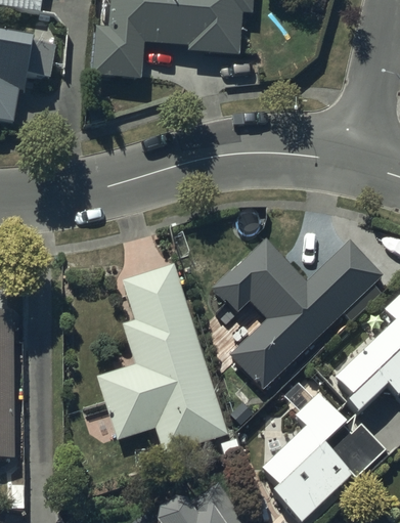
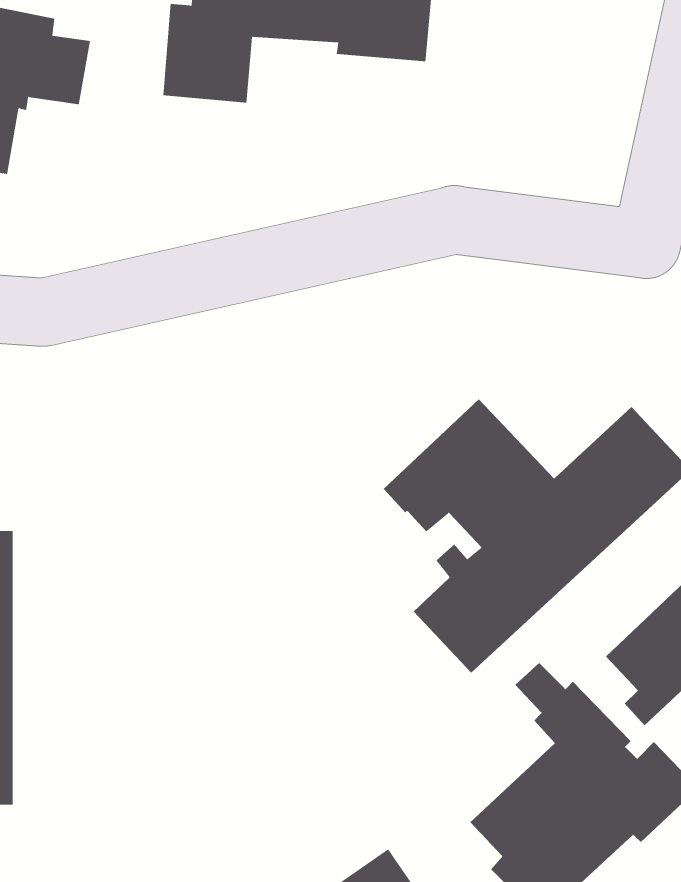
building: [97,263,228,452] -> none

